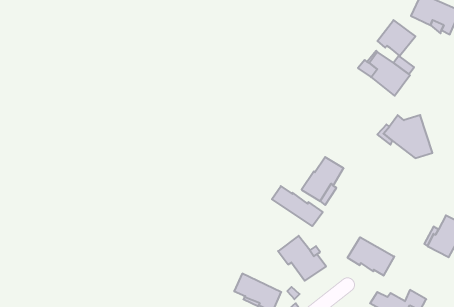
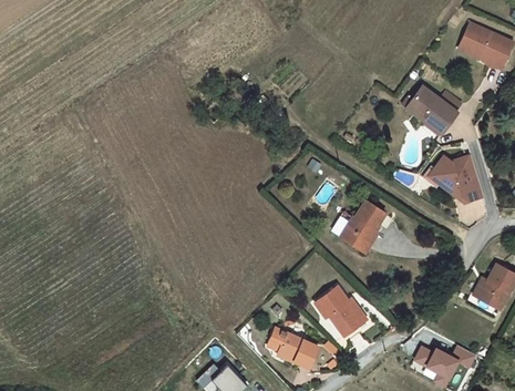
building: [377,20,415,56] -> none
building: [272,186,323,226] -> none
building: [348,237,394,276] -> none

